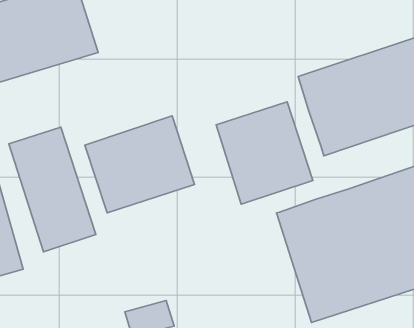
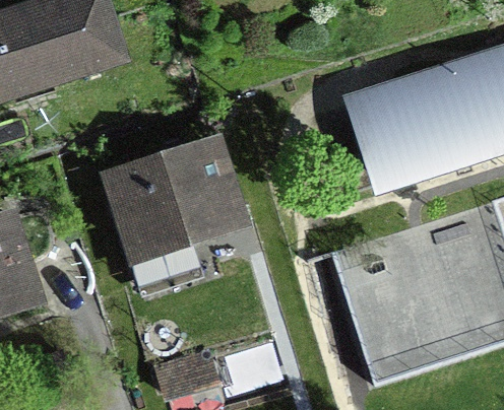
building: [216,102,313,204] -> none
building: [9,127,96,252] -> none

